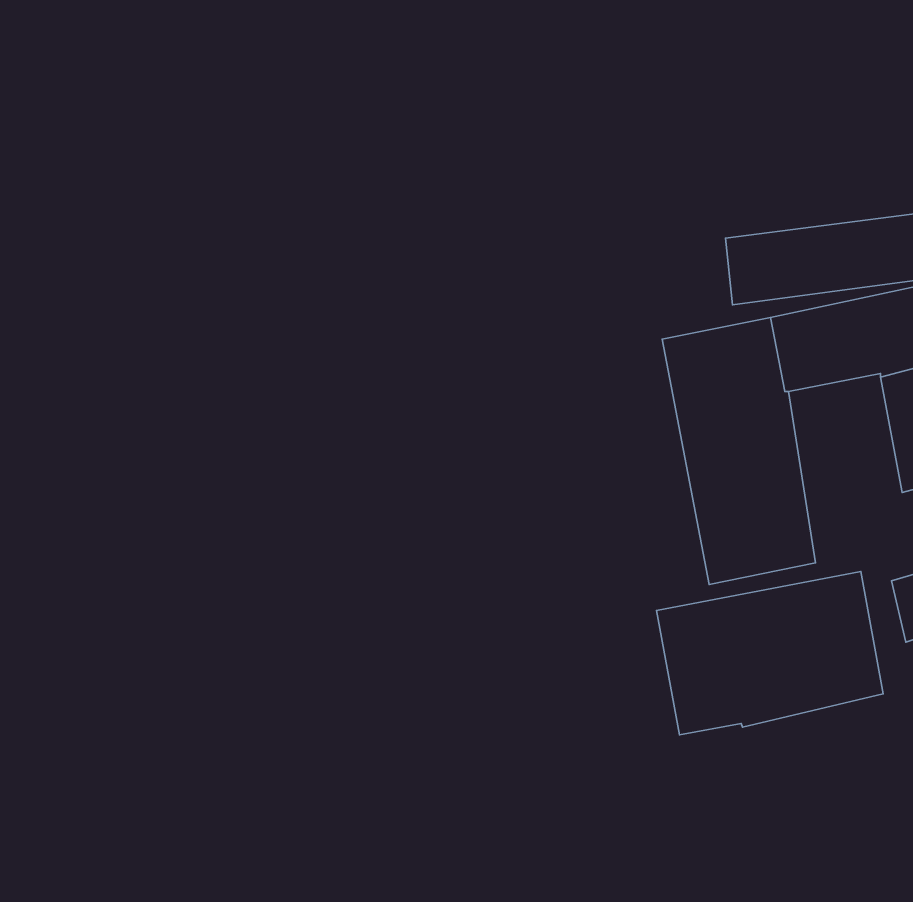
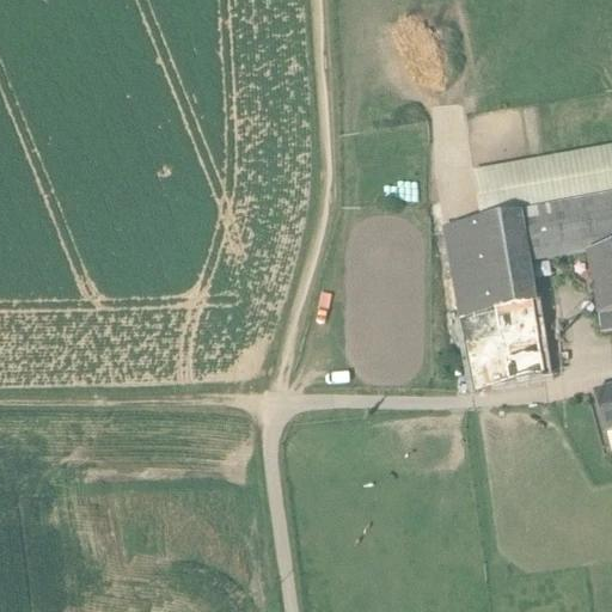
building: [657,572,883,735] -> none

